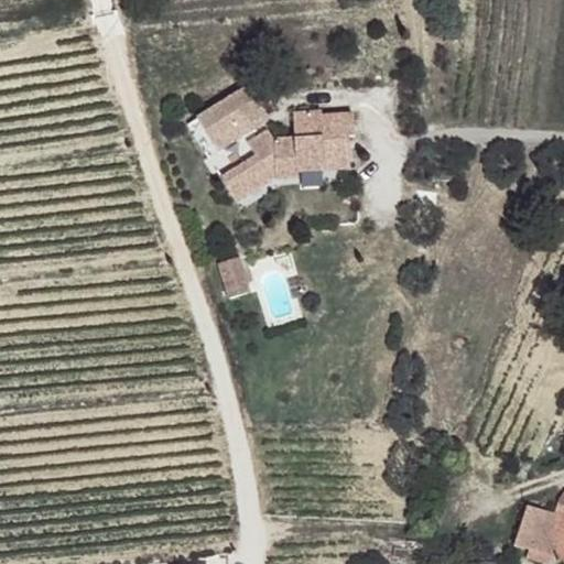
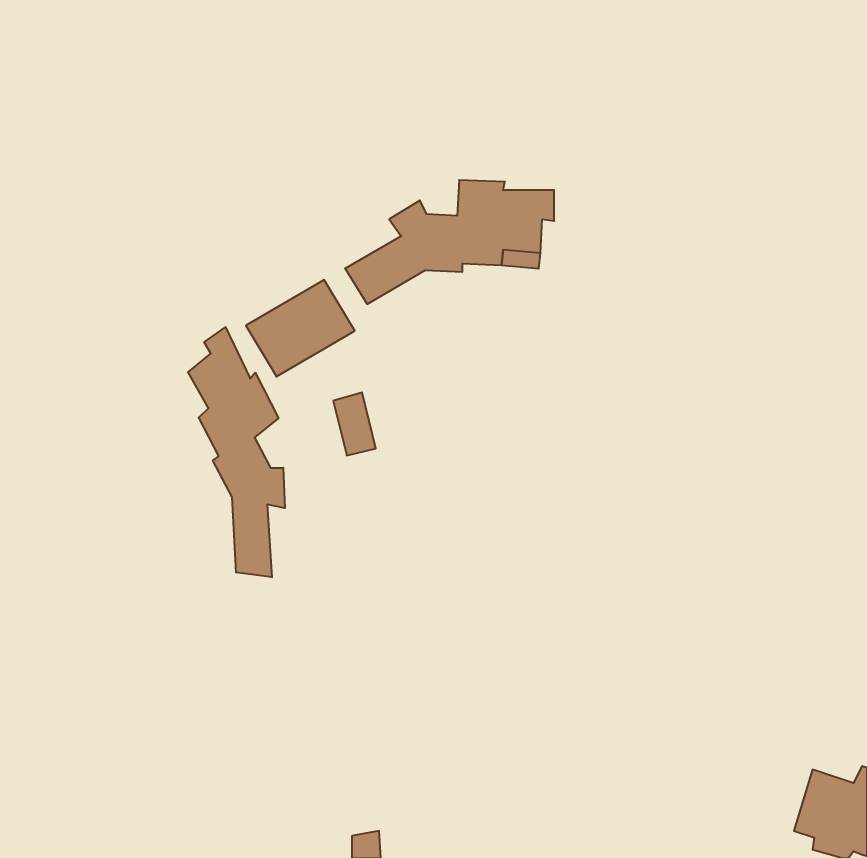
building: [203,86,273,149] -> [246,280,355,377]
building: none -> [188,327,285,577]

